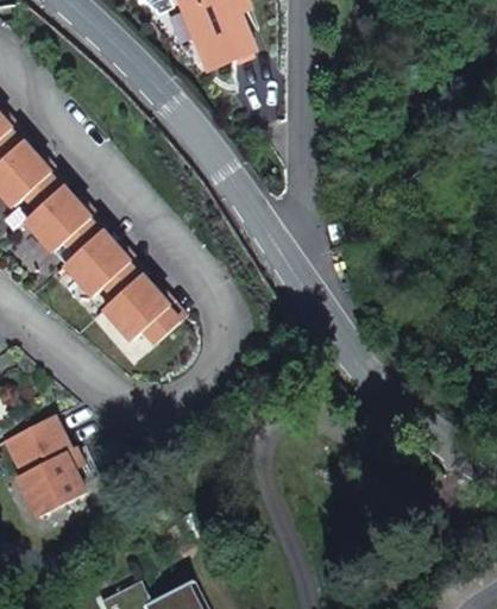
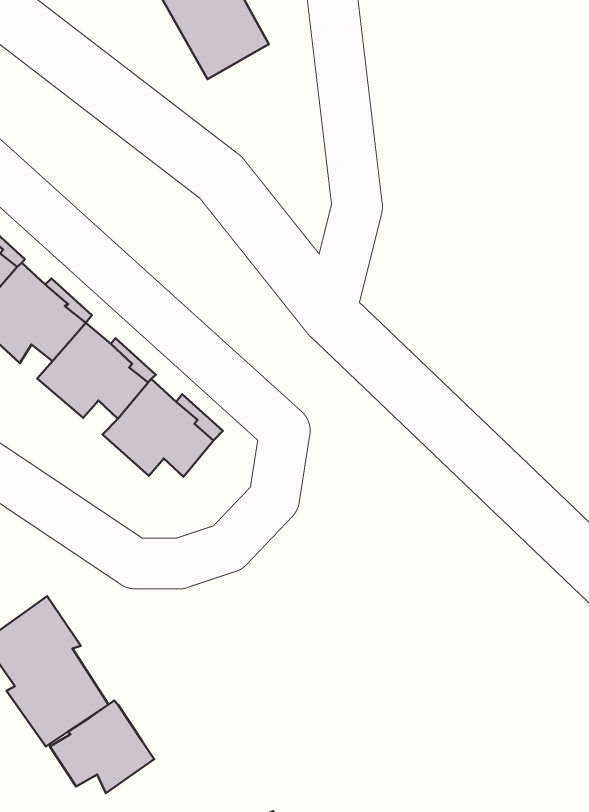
building: none -> [50,701,154,793]

